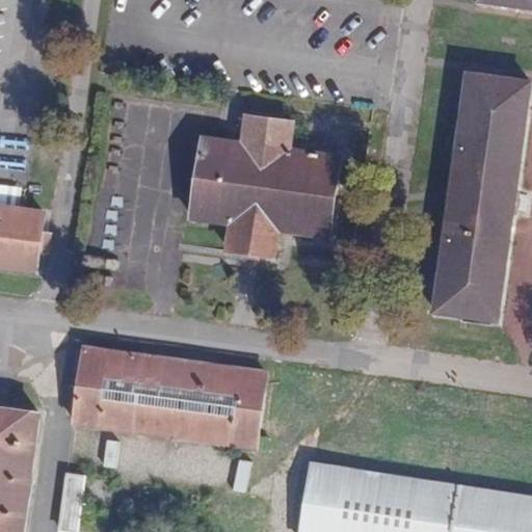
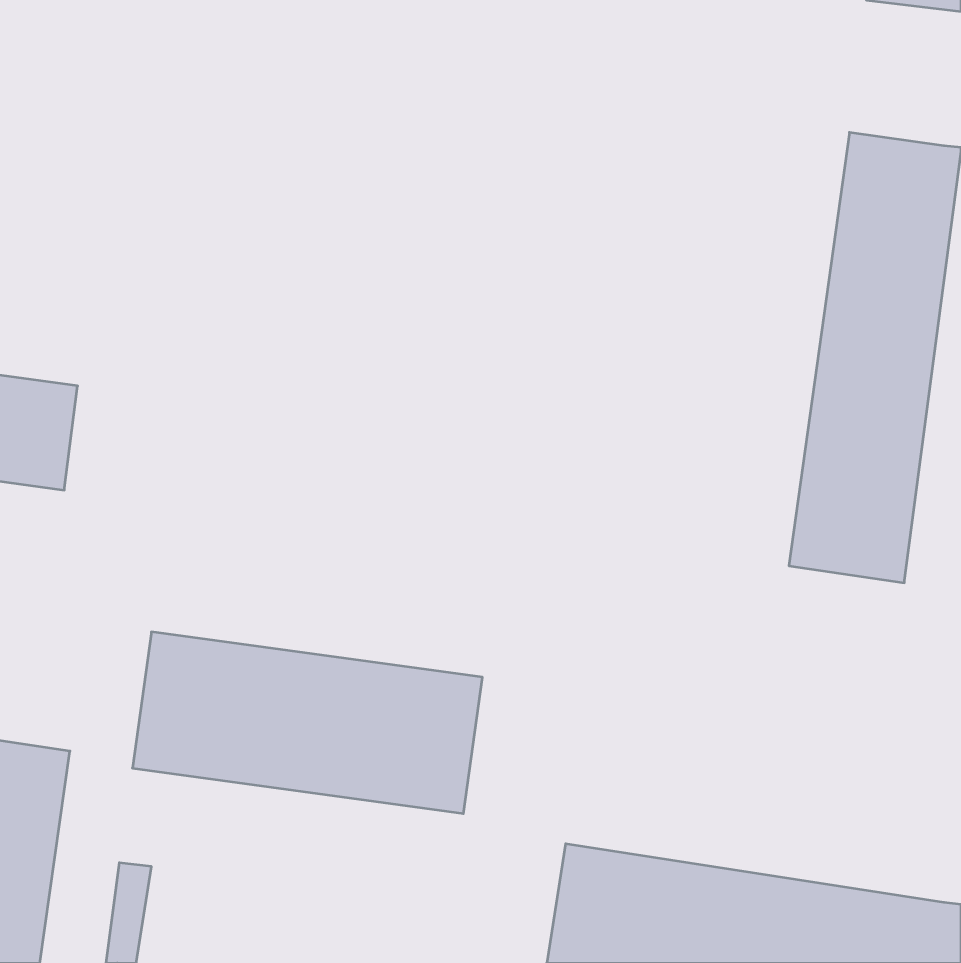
building: [190,115,339,256] -> none

